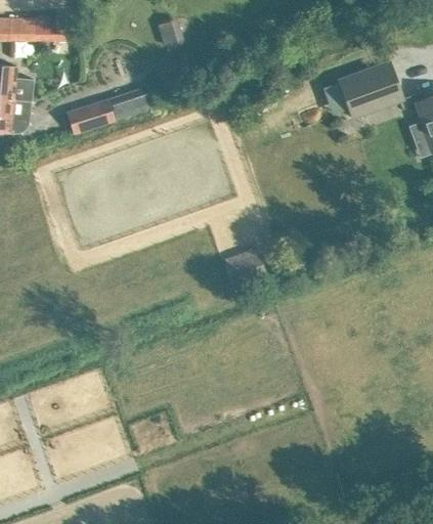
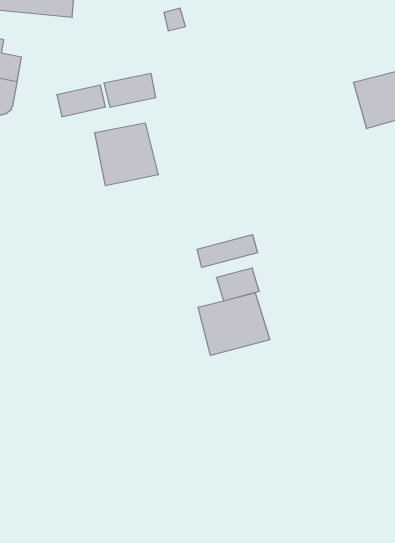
building: none -> [95,123,158,186]
building: none -> [197,235,257,267]
building: none -> [198,293,270,355]

